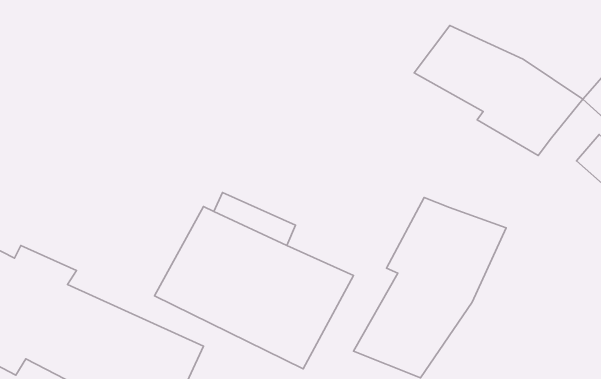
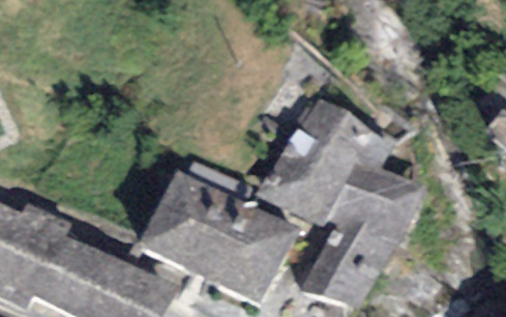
building: [414,25,583,156] -> none
building: none -> [255,96,395,227]

